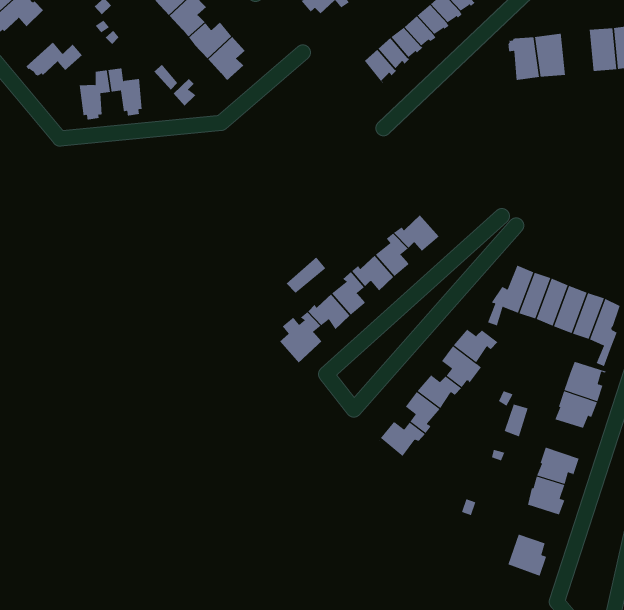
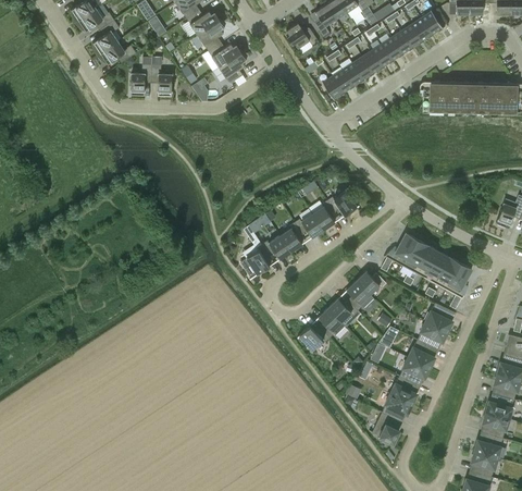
building: none -> [92,19,120,54]
building: none -> [456,82,475,110]
building: none -> [408,339,435,367]
building: none -> [382,393,411,420]

